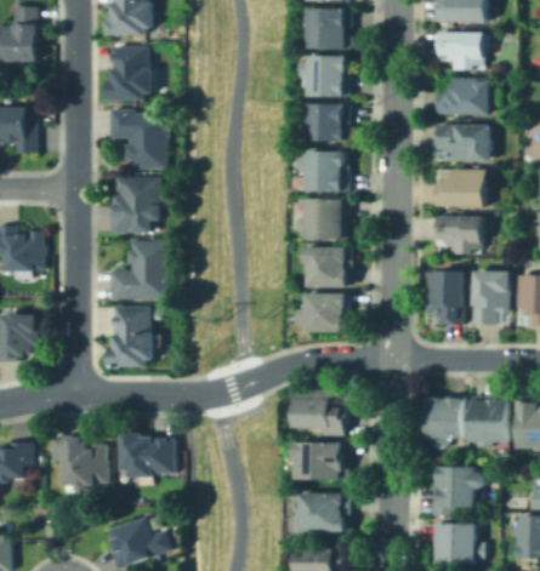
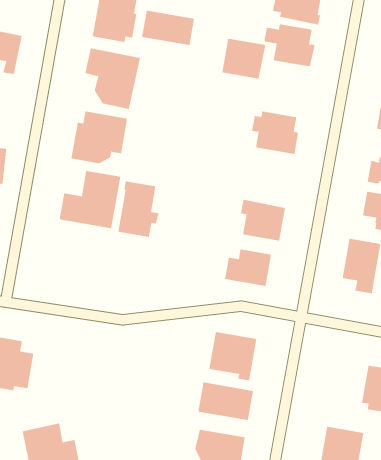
building: none -> [142,10,195,46]
building: [306,101,348,138] -> [221,38,266,79]
building: [299,196,345,236] -> none
building: [116,312,159,367] -> [117,181,160,238]
building: [421,396,459,445] -> none
building: [121,440,178,489] -> none

